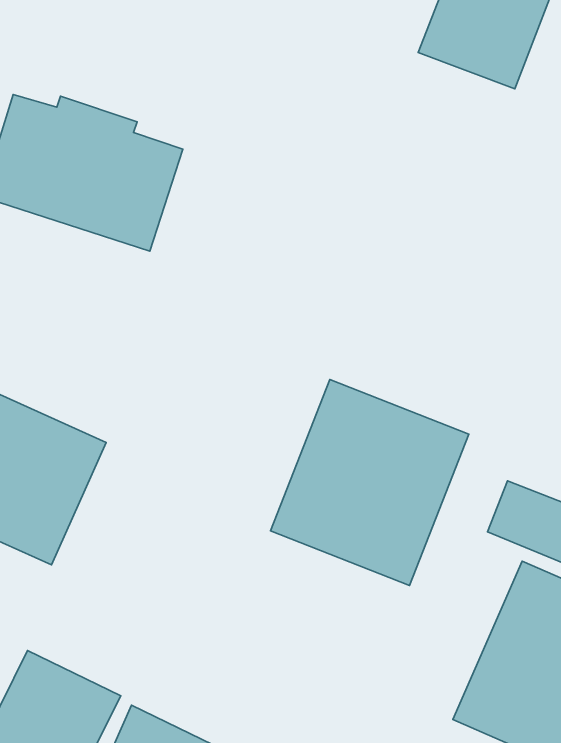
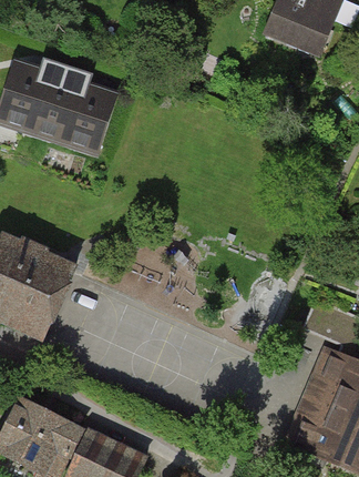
building: [270,380,469,586] -> none

